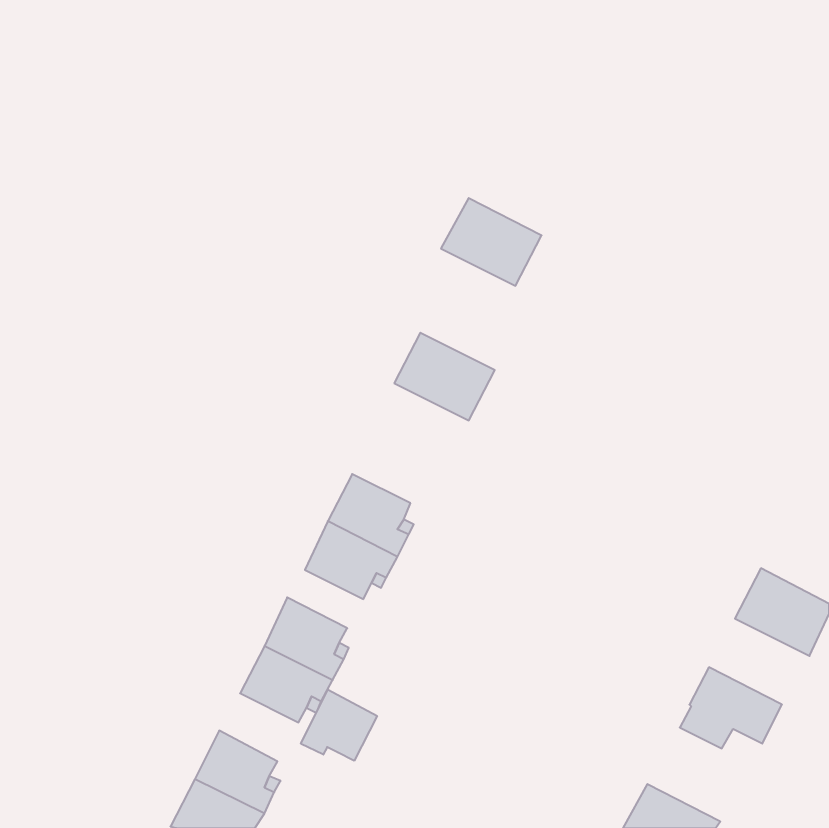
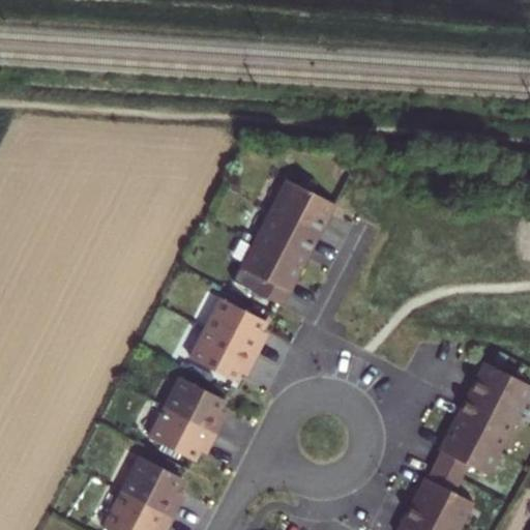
building: [441,198,542,286] -> [268,180,332,236]
building: none -> [239,244,299,305]
building: none -> [452,394,517,449]
building: [301,690,377,761] -> none
building: none -> [413,464,472,524]

